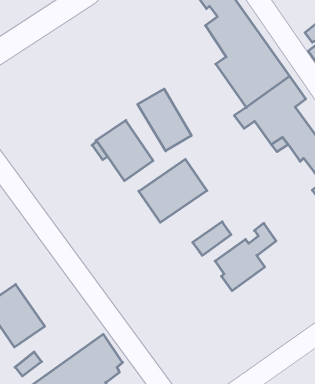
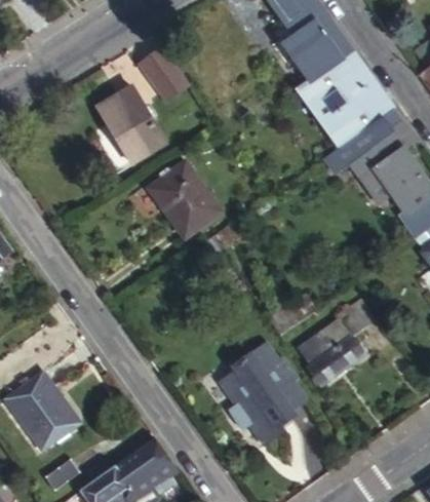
building: none -> [136,43,190,101]
building: [138,89,191,151] -> [97,83,166,162]
building: [139,159,207,222] -> none
building: none -> [222,343,309,443]

